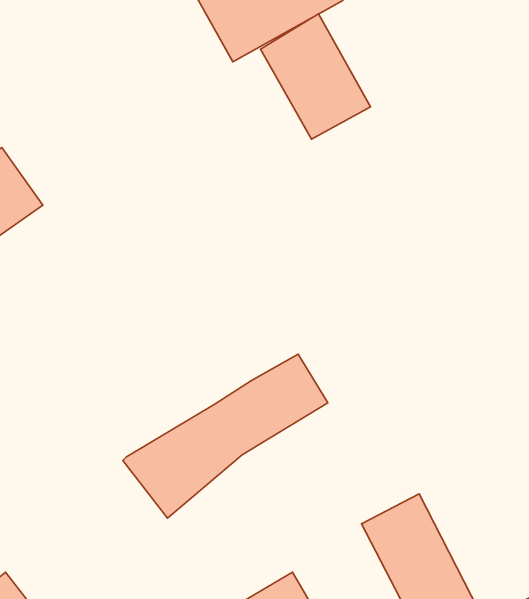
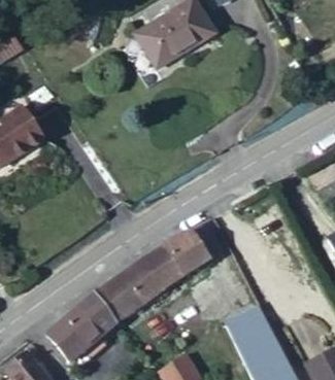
building: [260,14,371,139] -> none
building: none -> [45,288,118,360]

